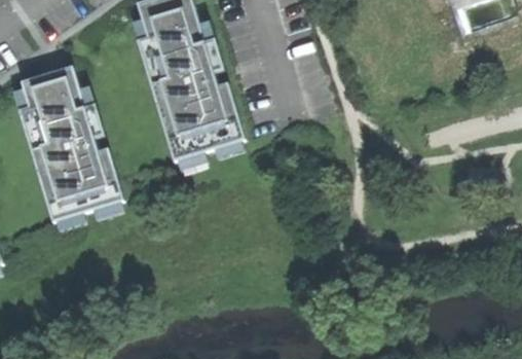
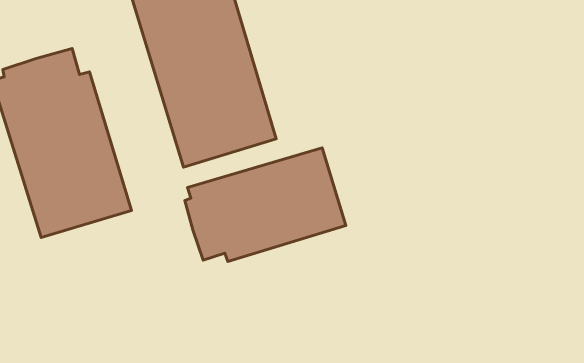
building: none -> [185,148,346,262]

